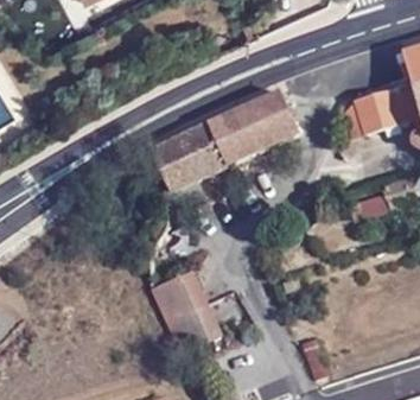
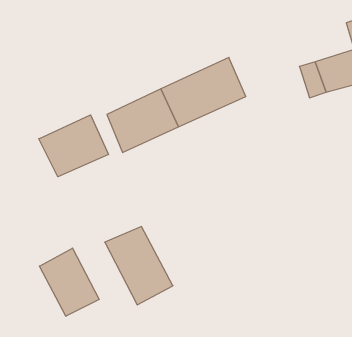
building: none -> [39,115,108,177]
building: none -> [39,248,99,316]

